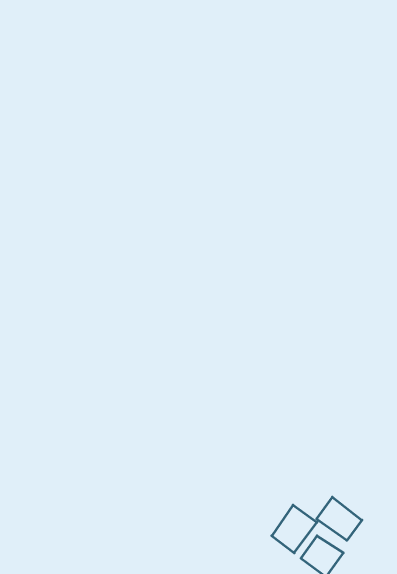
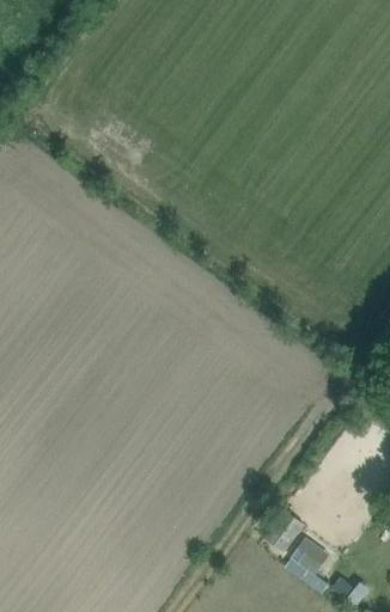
building: [317,497,362,540] -> none

